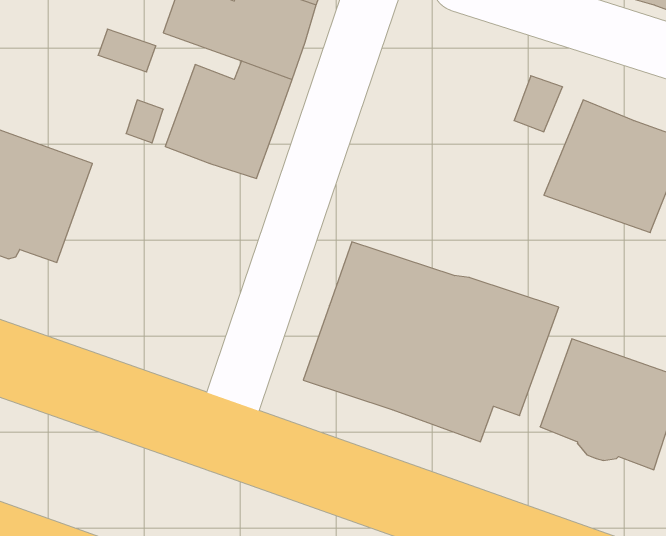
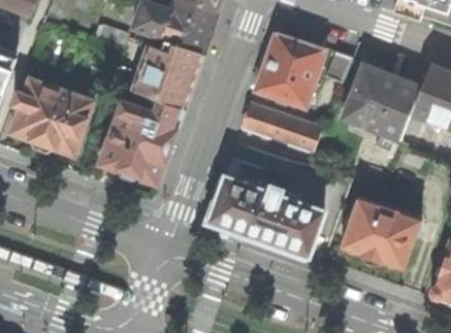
building: none -> [256,33,325,107]
building: none -> [98,99,184,185]
building: none -> [241,104,322,154]

